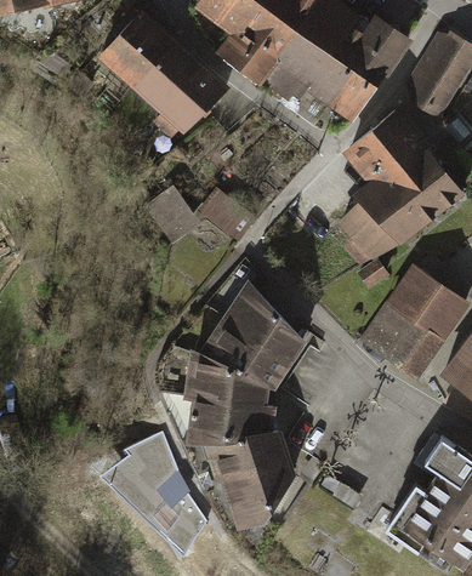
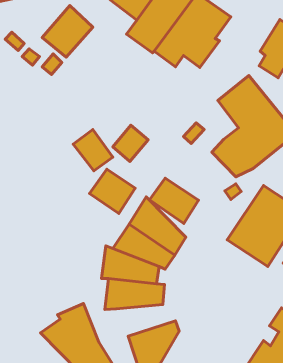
building: [324,15,409,120] -> none
building: [136,44,223,136] -> none
building: none -> [89,169,135,214]
building: none -> [149,178,198,223]
building: [206,433,290,481] -> none

